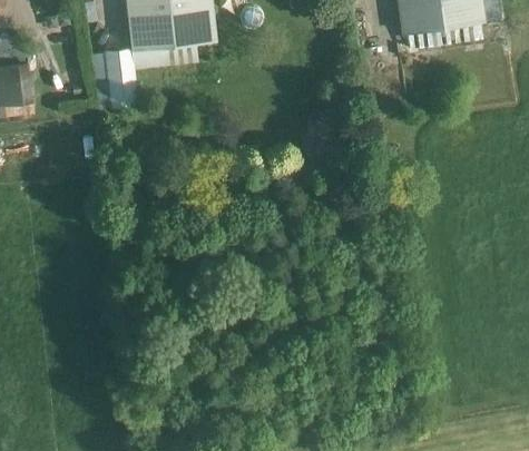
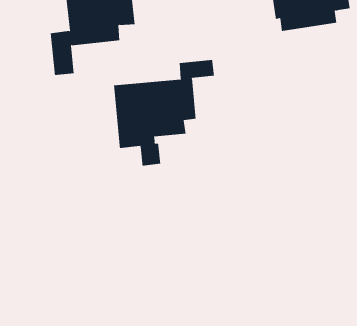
building: none -> [114,59,215,167]

